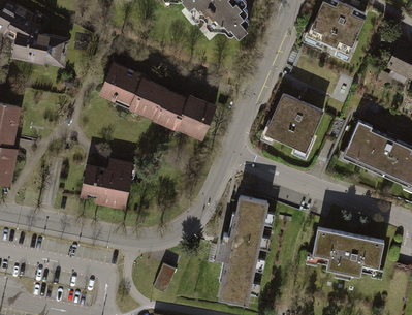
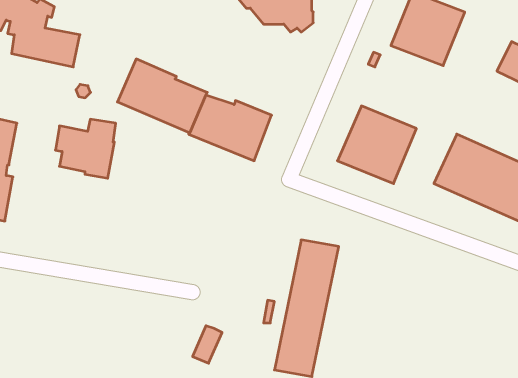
building: [85,161,131,207] -> [55,119,116,178]
building: [310,225,383,277] -> none

